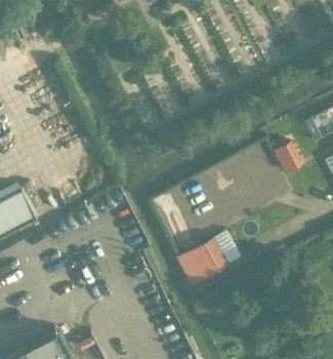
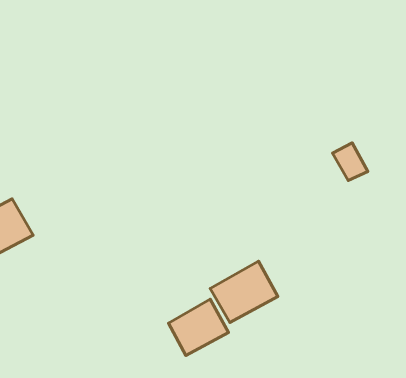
building: none -> [169,299,229,356]

